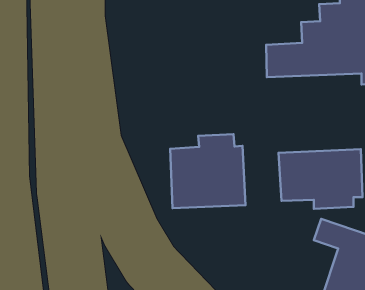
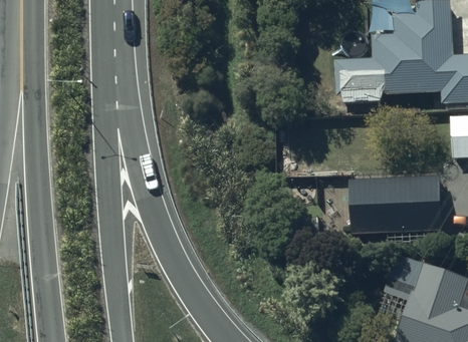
building: [170,134,245,208] -> none

